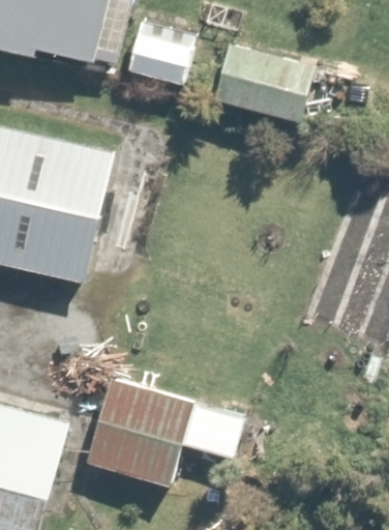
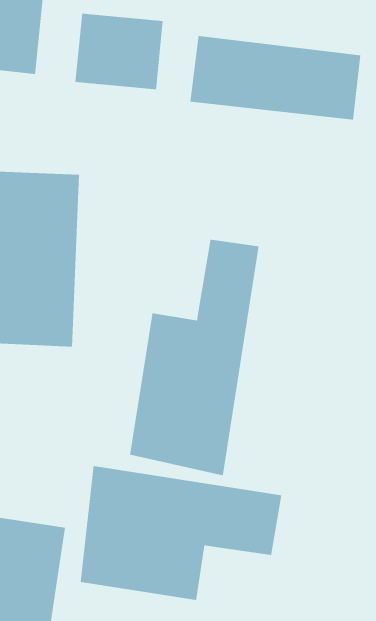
building: none -> [130,239,259,476]

